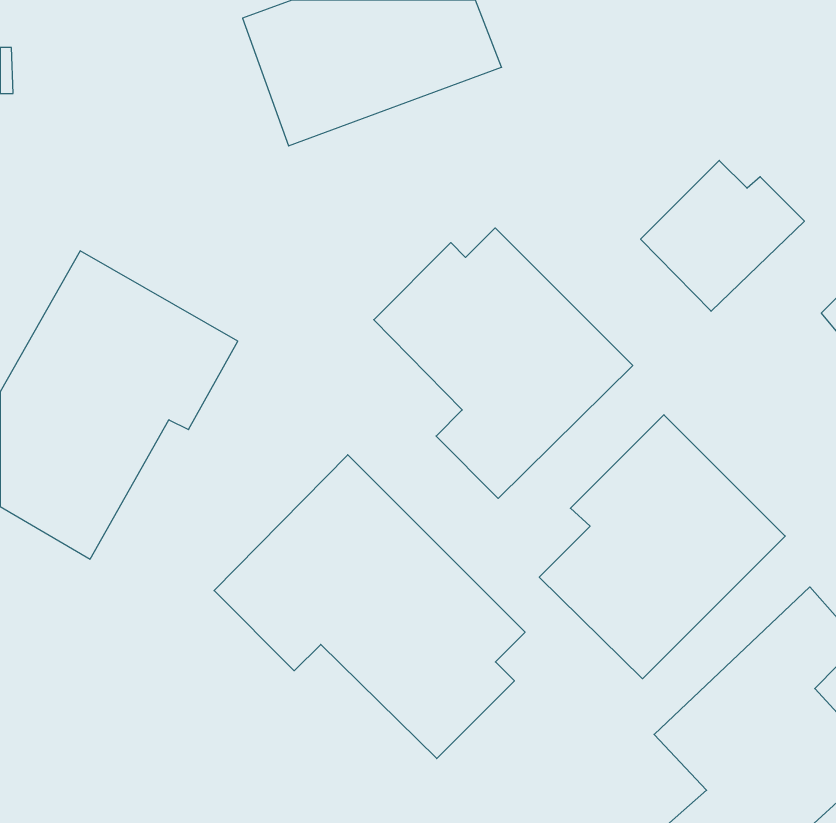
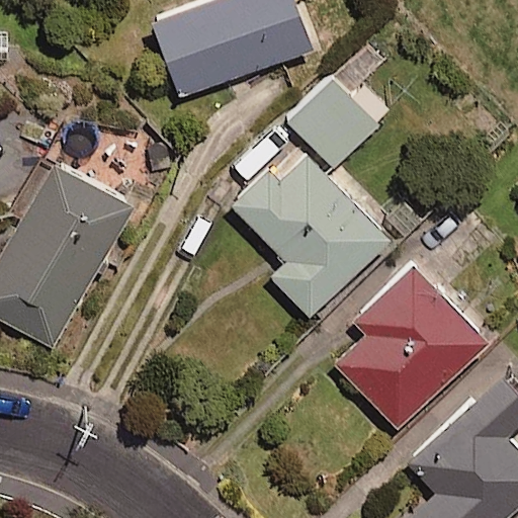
building: [641,160,804,311] -> [288,76,390,169]
building: [214,455,525,759] -> none

